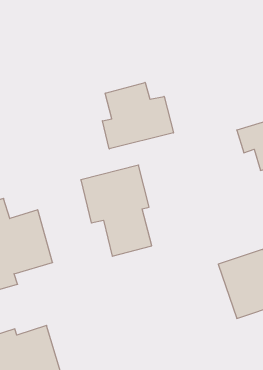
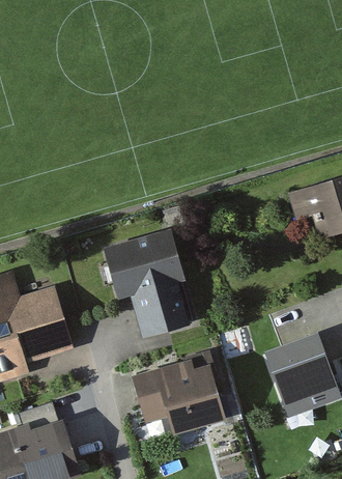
building: [102,82,173,149] -> none
building: none -> [132,357,227,438]

